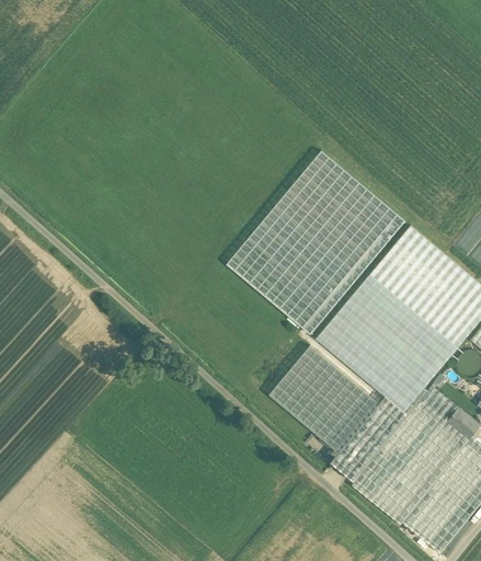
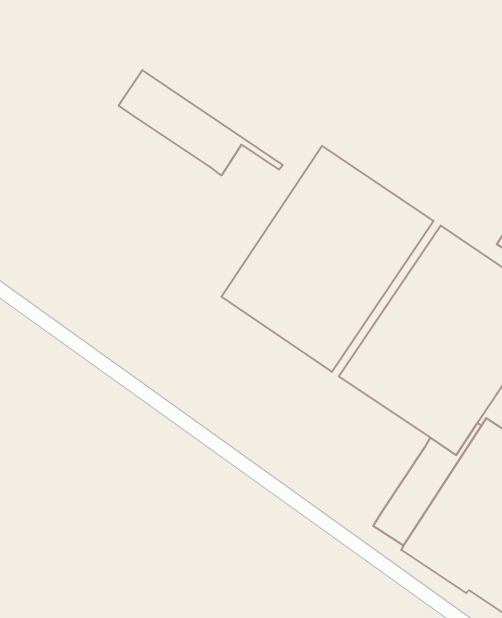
building: none -> [119,70,283,175]
building: [270,345,379,453] -> none

